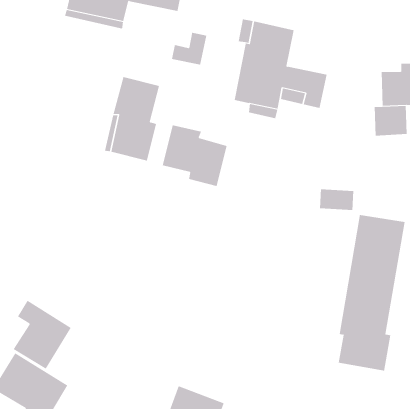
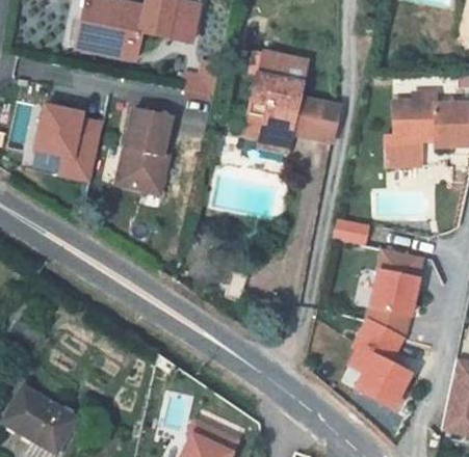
building: none -> [28,101,108,184]
building: [162,125,227,187] -> none
building: [13,300,72,369] -> none

